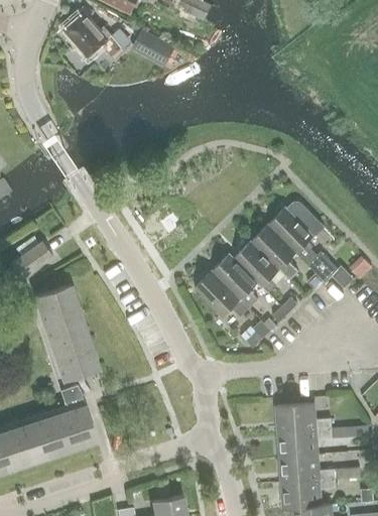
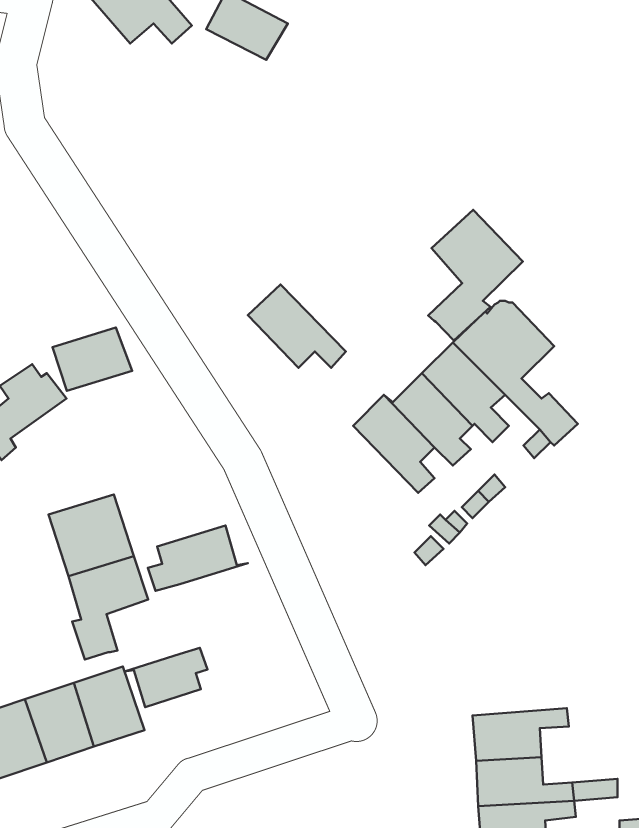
building: none -> [428,210,523,341]
building: [195,270,249,316] -> [248,284,346,368]
building: [35,284,80,319] -> [52,327,132,391]
building: none -> [148,526,248,591]
building: none -> [125,648,208,707]
building: [277,403,332,431] -> none

